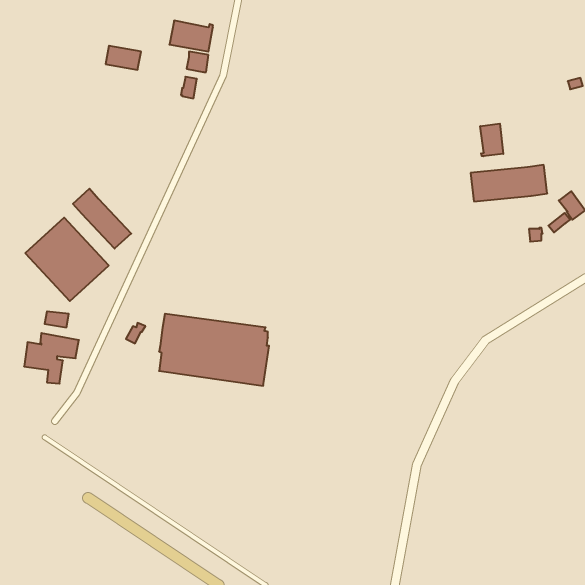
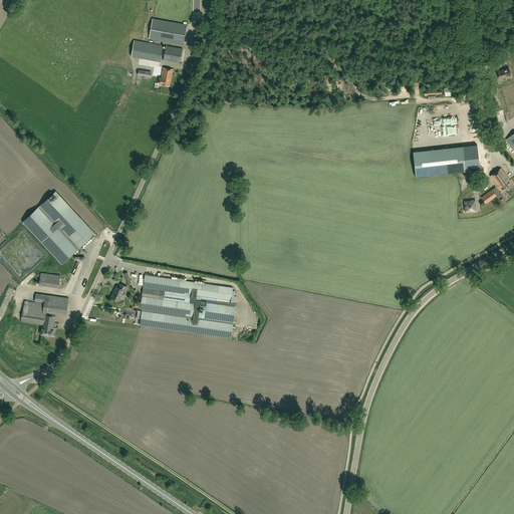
building: [106,46,141,70] -> [132,40,163,61]
building: [480,124,503,156] -> none
building: [73,189,131,249] -> none

